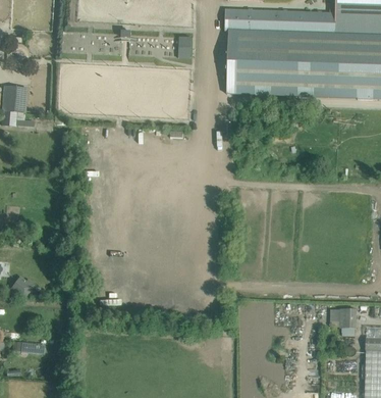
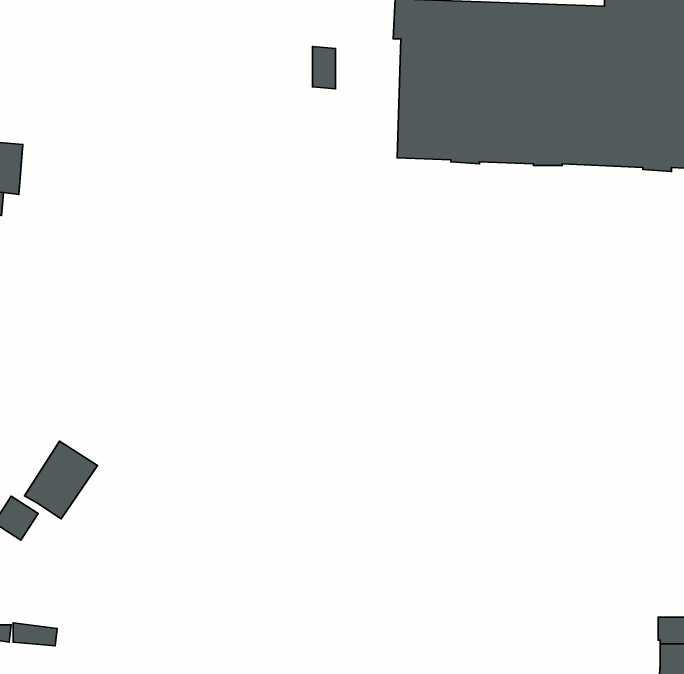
building: none -> [24,441,98,519]
building: [331,306,359,334] -> none

